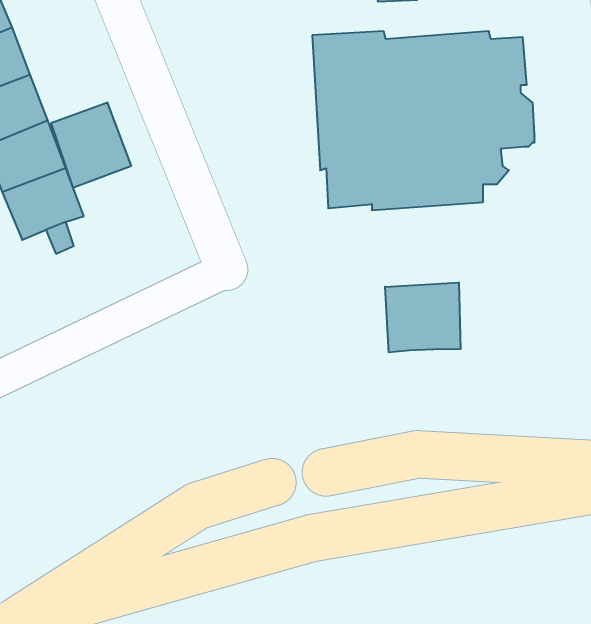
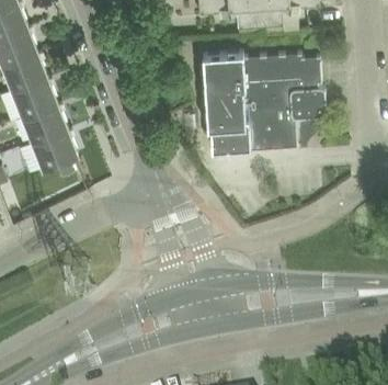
building: [51,102,131,188] -> none
building: [385,282,461,352] -> none

